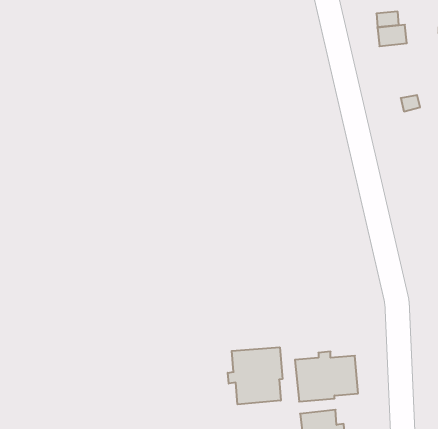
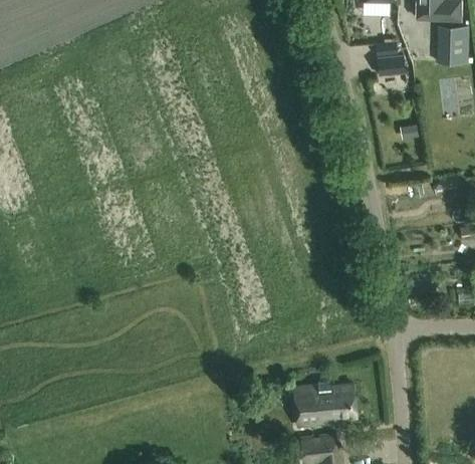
building: [228,347,282,404] -> none

